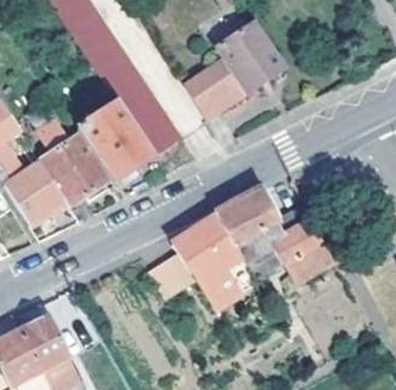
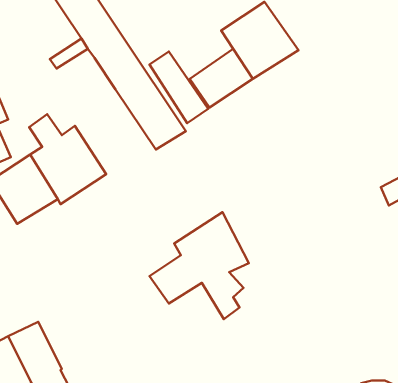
building: [78,101,155,184] -> none
building: [215,184,338,284] -> none

